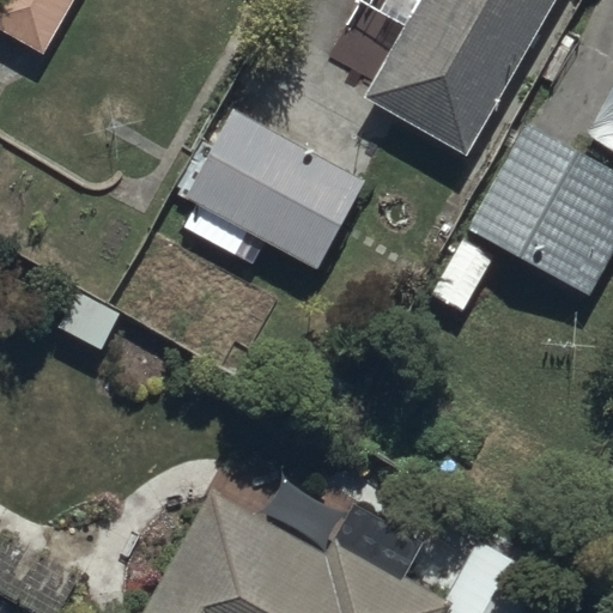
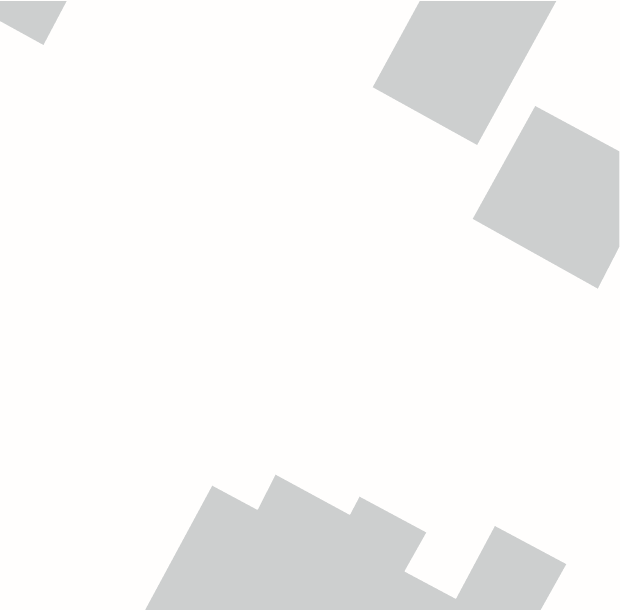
building: [182,87,366,271] -> none

